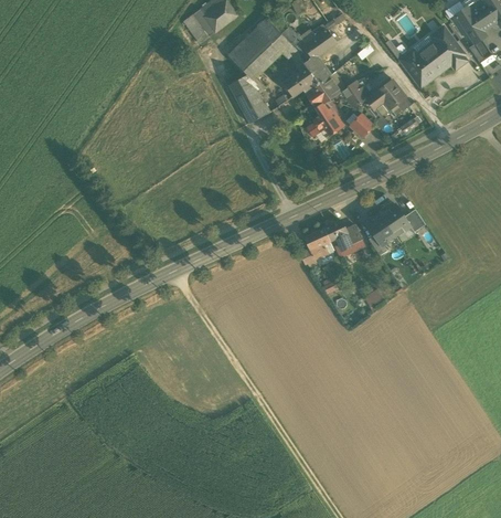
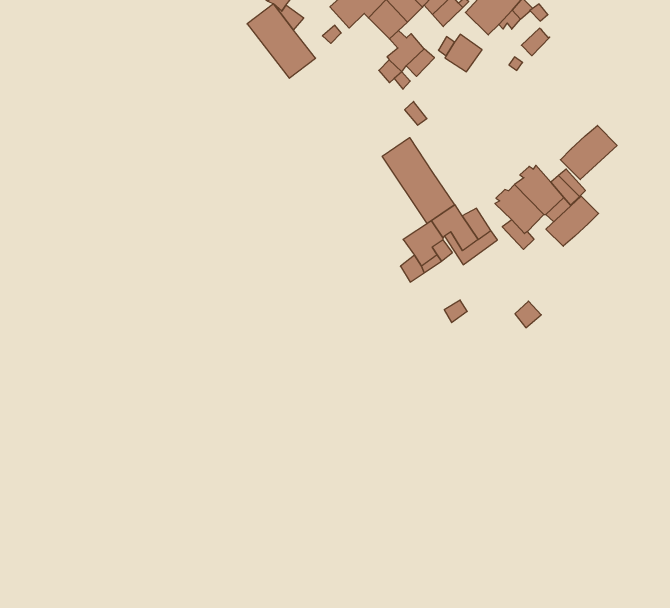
building: none -> [382,138,455,224]
building: none -> [560,125,617,180]
building: none -> [546,196,599,246]

